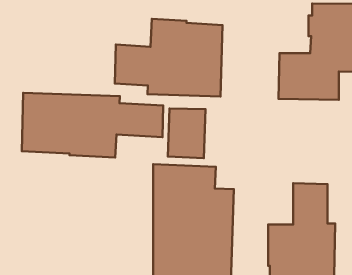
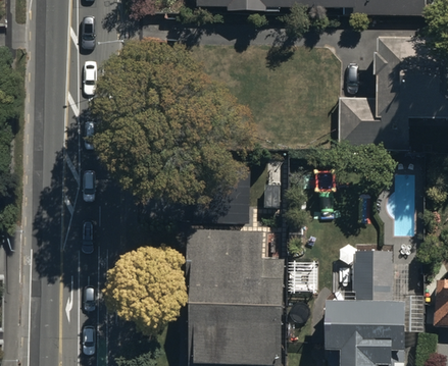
building: [115,19,223,97] -> none
building: [22,93,163,157] -> none

